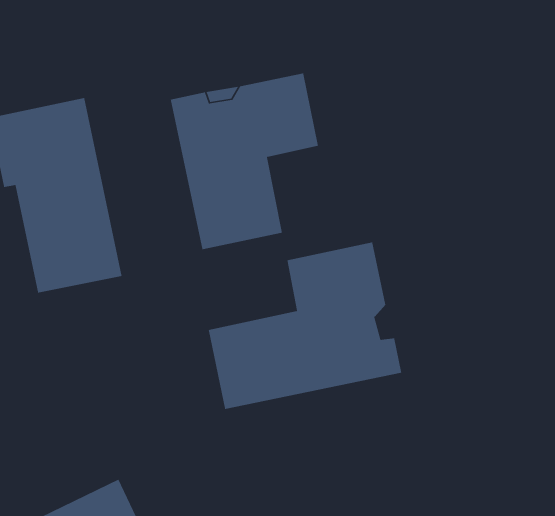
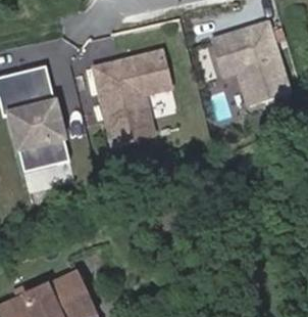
building: none -> [214,38,287,118]
building: [208,241,402,410] -> none

